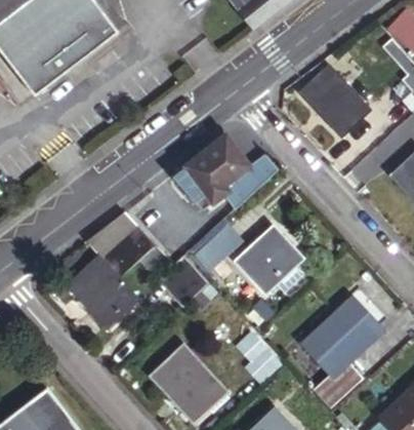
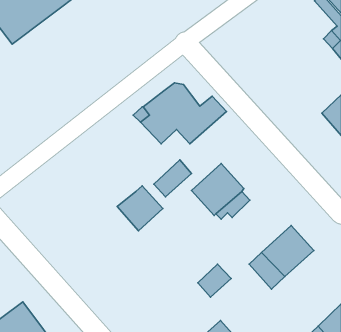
building: [298,64,370,135] -> none
building: [68,219,160,322] -> none
building: [152,346,221,417] -> none
building: [323,359,365,401] -> none

